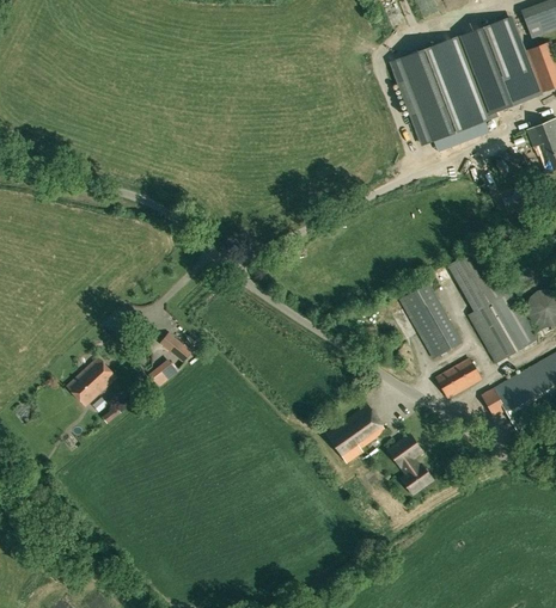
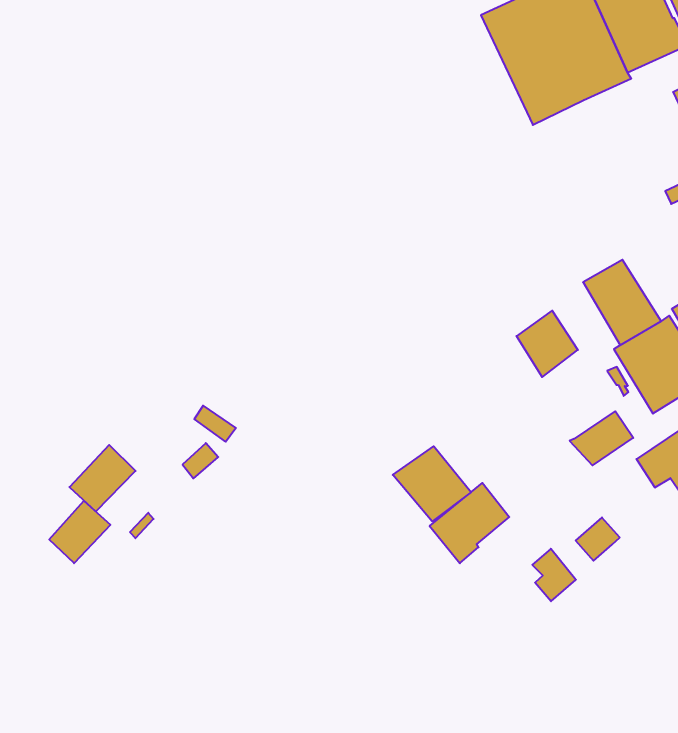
building: [416,313,464,361] -> none
building: none -> [393,446,471,521]
building: none -> [49,501,110,563]
building: [387,435,420,466] -> [576,517,620,561]

